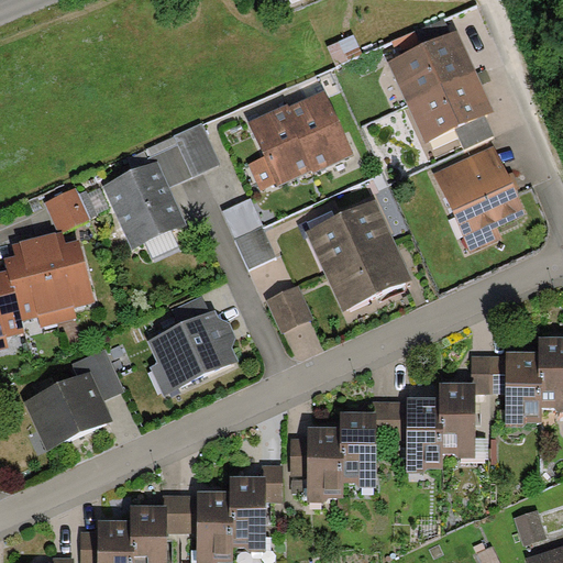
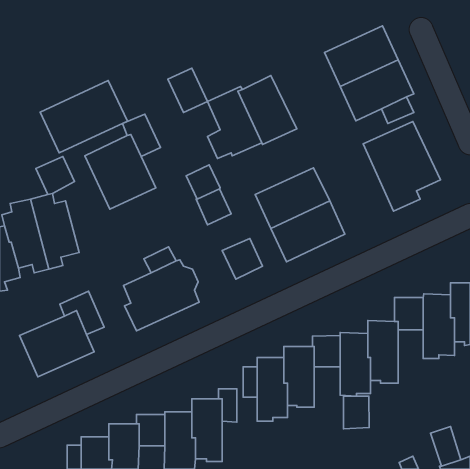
building: none -> [40,80,127,153]
building: [173,123,220,176] -> [168,68,207,112]
building: none -> [344,396,369,429]

